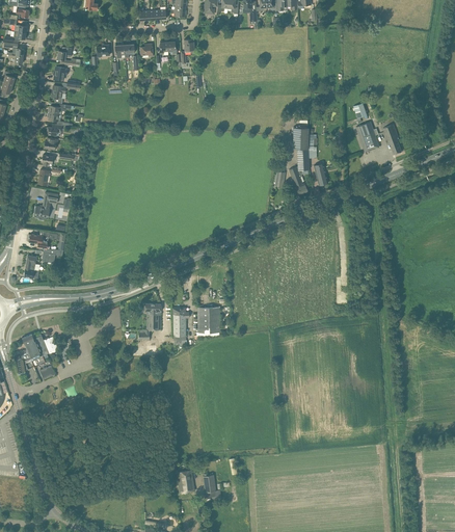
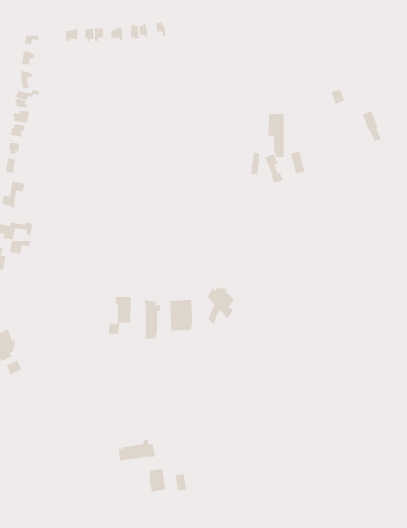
building: [356,121,379,151] -> none
building: none -> [207,286,235,325]
building: none -> [118,439,155,462]

